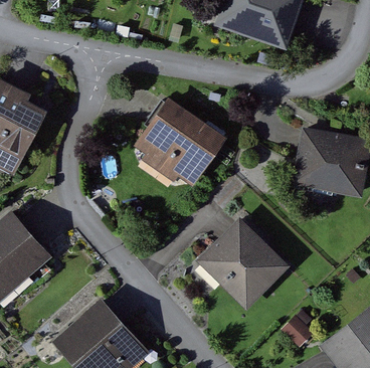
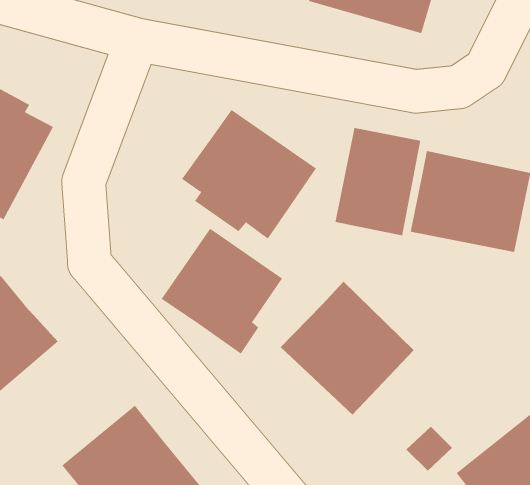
building: none -> [335,127,421,236]
building: none -> [161,228,283,354]

